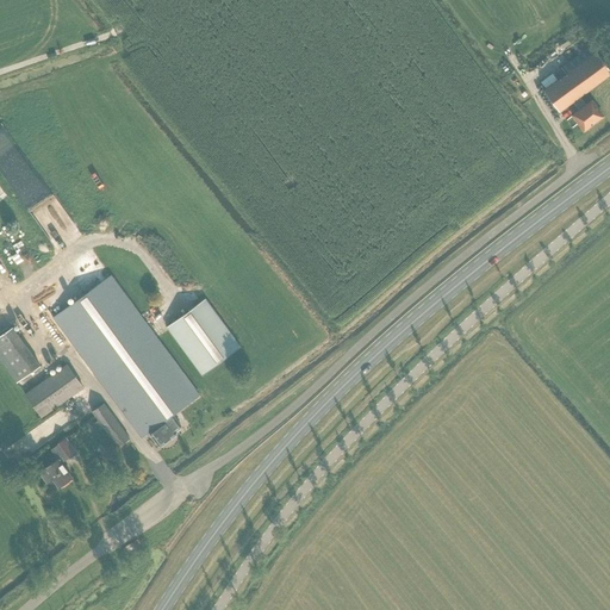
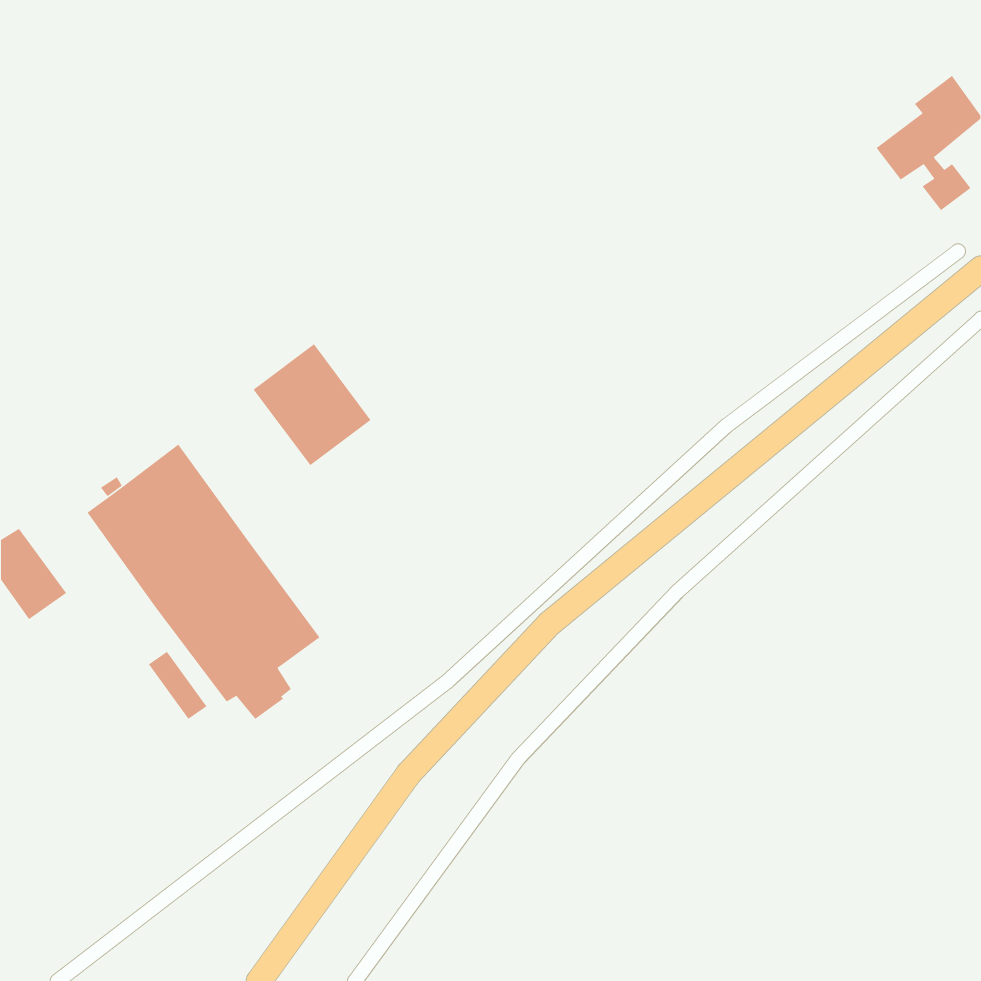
building: [167,299,241,375] -> [253,343,372,466]
building: [25,365,83,418] -> none
building: [39,438,76,487] -> none

